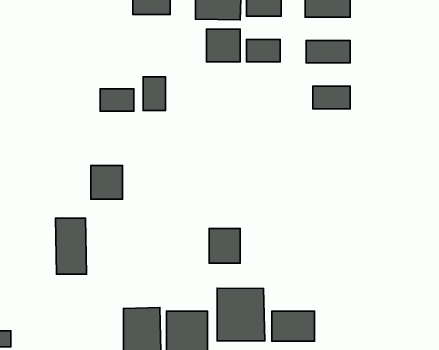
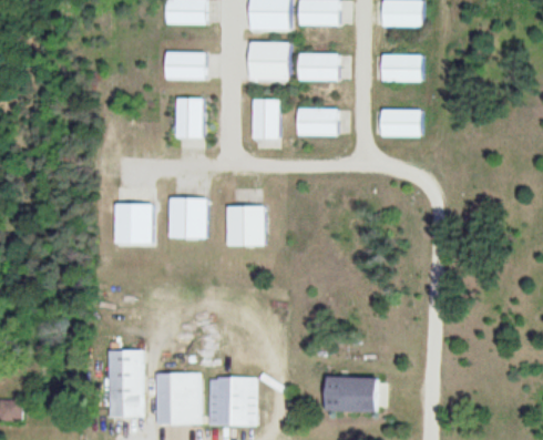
building: none -> [253,100,280,139]
building: none -> [298,109,340,135]
building: [100,89,134,111] -> [167,53,207,80]
building: none -> [170,198,207,239]
building: [56,218,86,274] -> [105,350,142,417]
building: [209,229,240,263] -> [228,206,265,247]
building: [217,288,265,341] -> none

